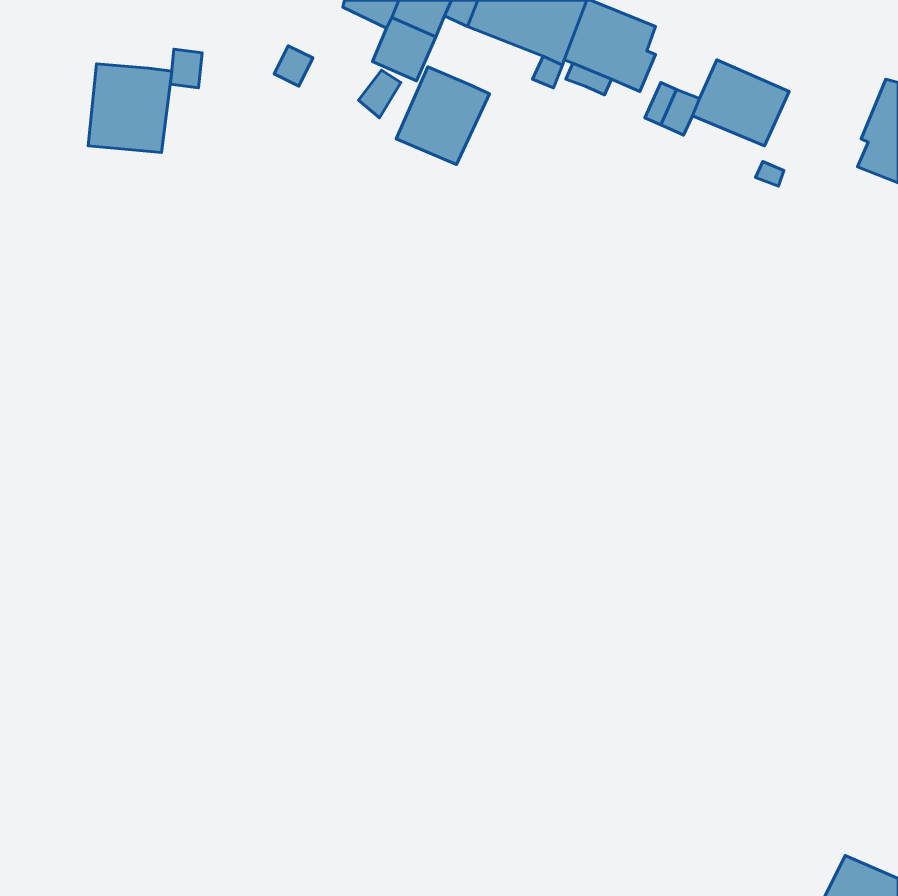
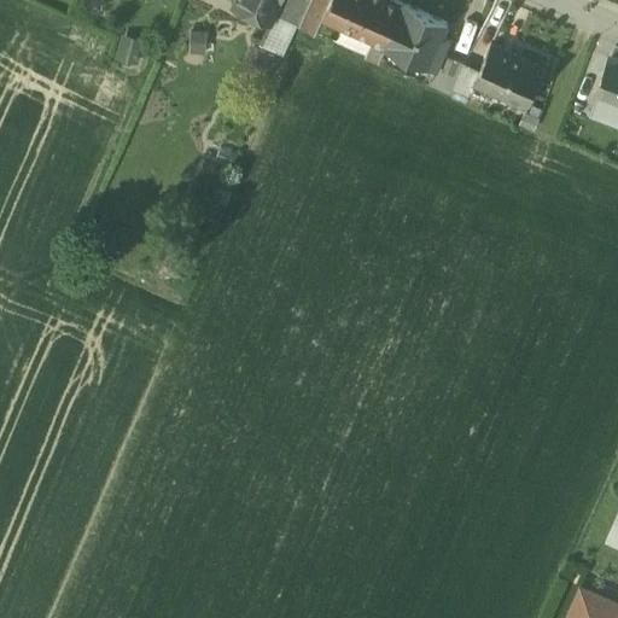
building: [88,64,172,153] -> none
building: [396,67,490,165] -> none

